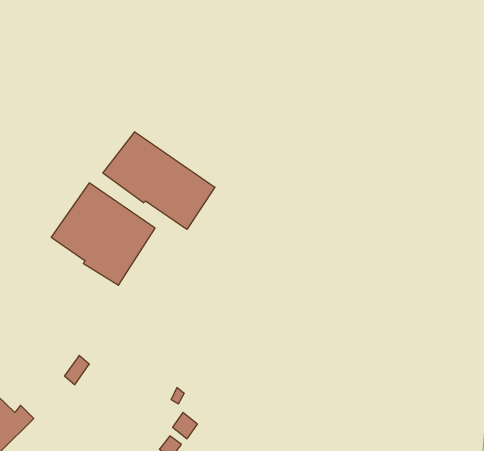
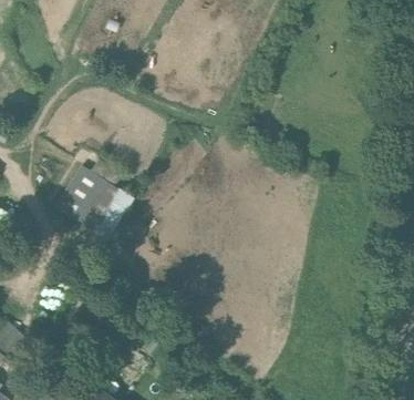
building: [103,132,215,229] -> none

